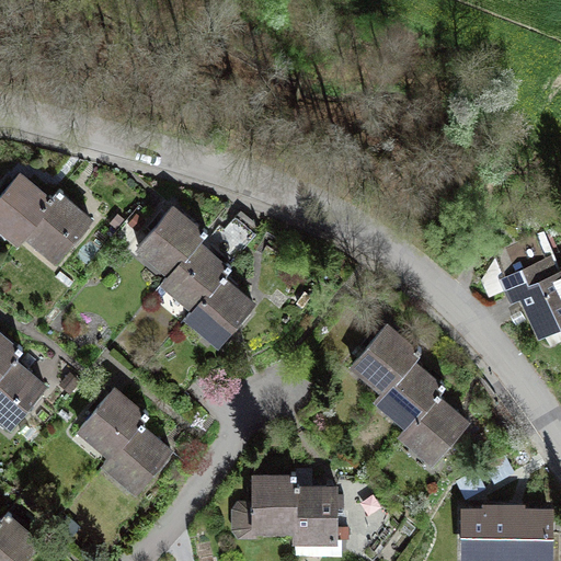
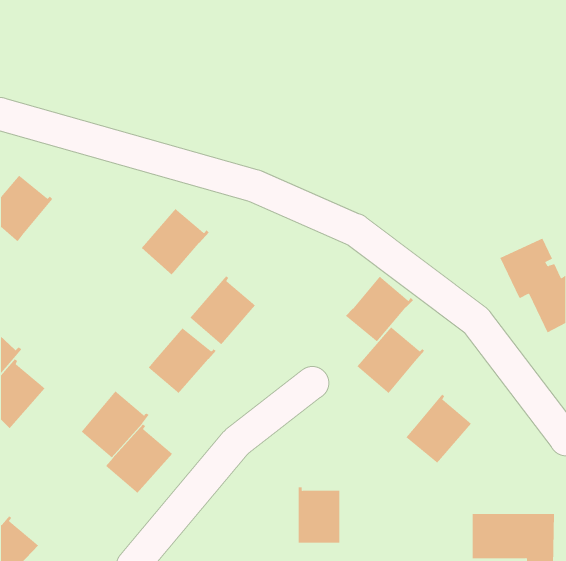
building: [24,193,90,263] -> none
building: [163,245,231,311] -> [148,328,217,394]
building: [377,363,445,428] -> [345,276,414,342]
building: [238,476,295,538] -> none

